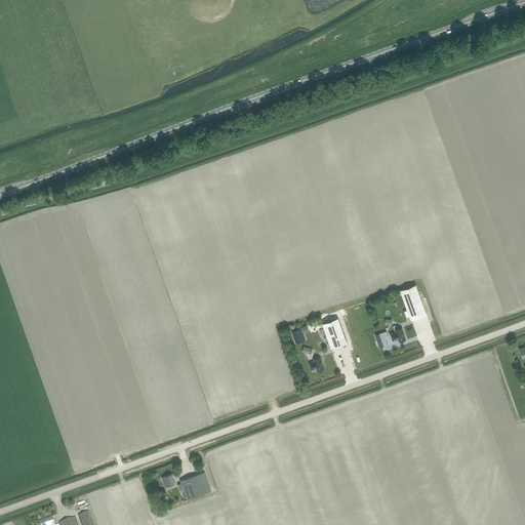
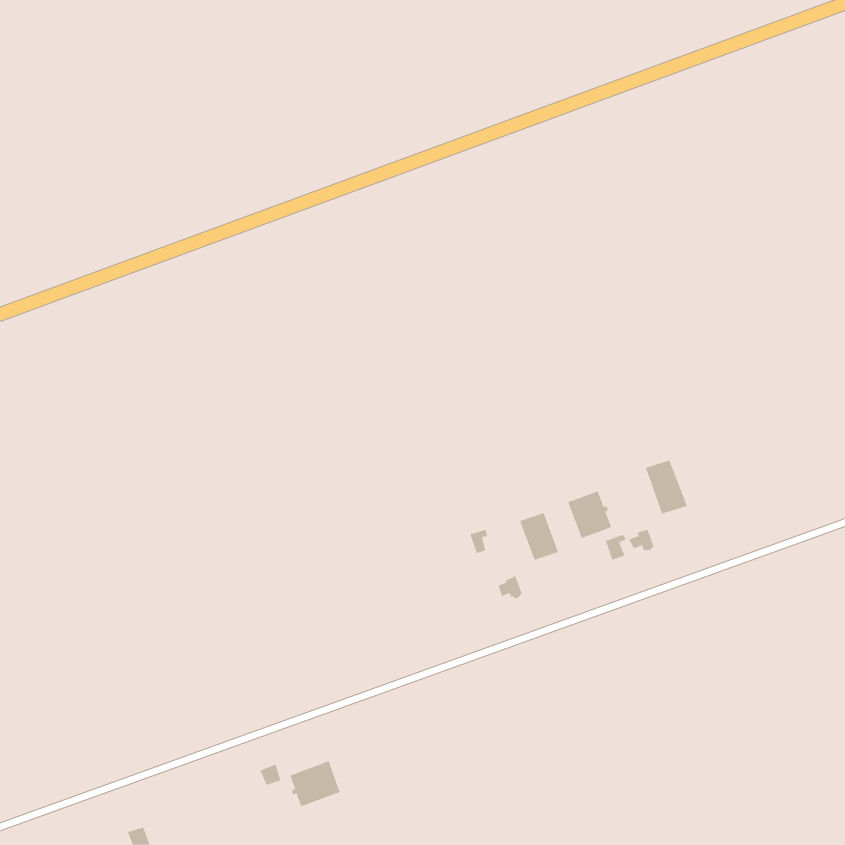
building: none -> [567,491,612,539]

